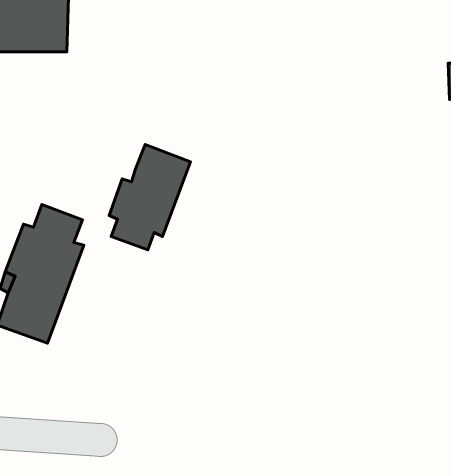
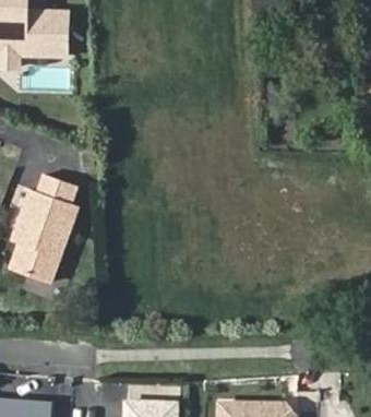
building: [109,145,190,250] -> none

